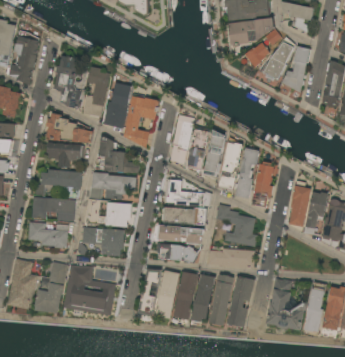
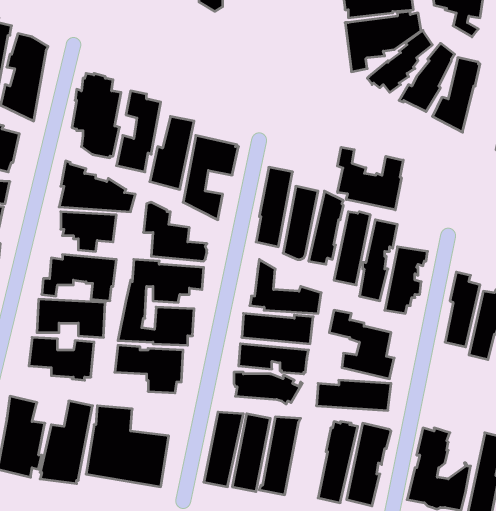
building: none -> [337,147,403,210]
building: [191,274,215,322] -> none

